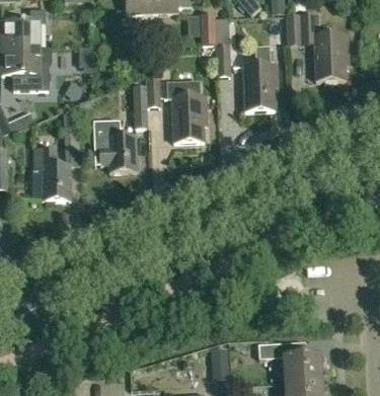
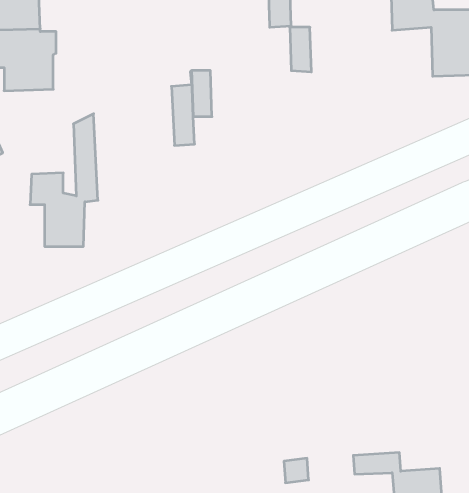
building: [243,46,279,109] -> none
building: [167,81,207,141] -> none
building: [98,130,138,169] -> none

